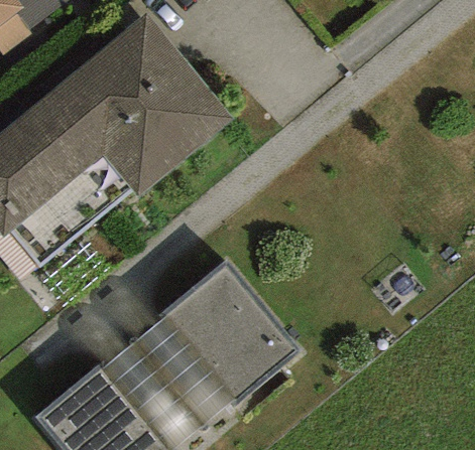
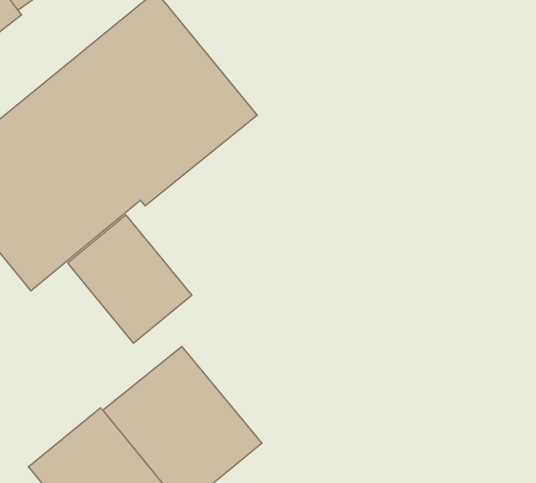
building: none -> [68,215,192,343]
building: [162,261,299,401] -> none

